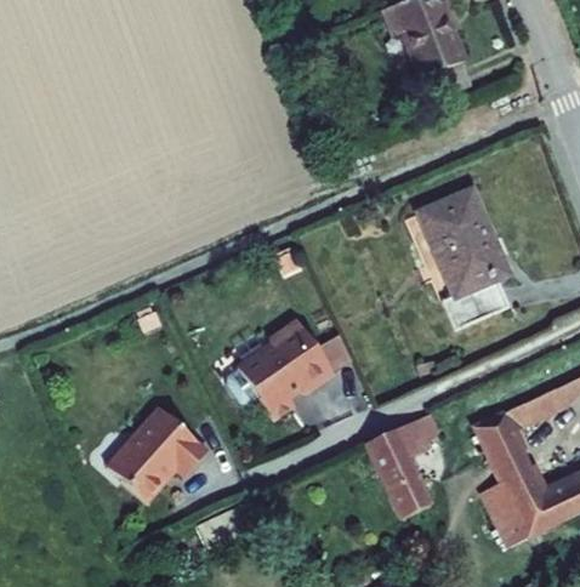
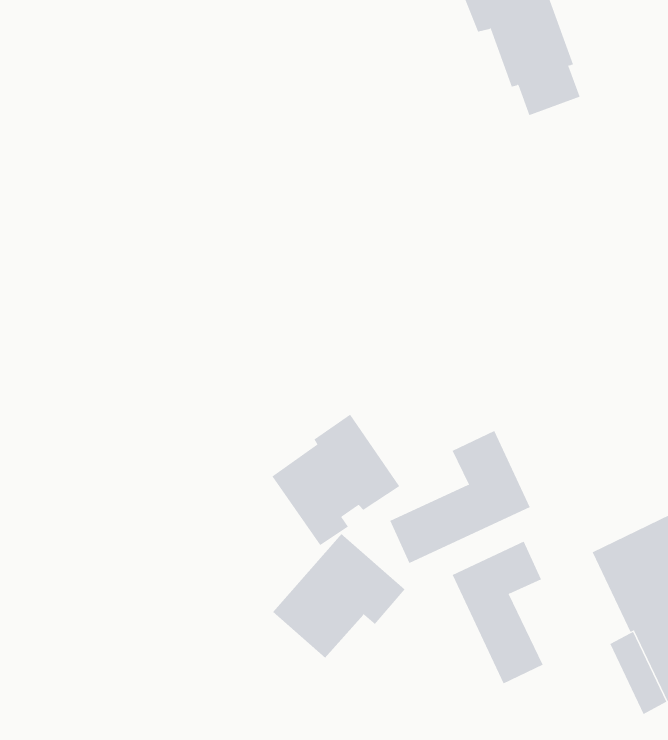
building: [414,194,506,335] -> none
building: none -> [389,430,530,564]
building: [107,406,207,501] -> [272,533,406,659]

